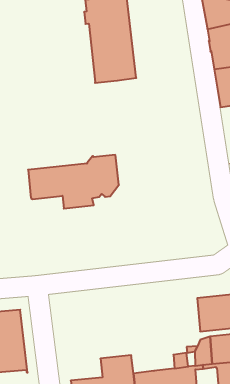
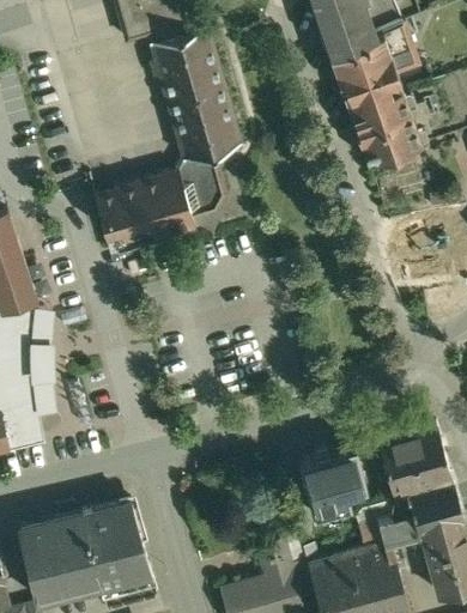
building: [28,155,119,209] -> [92,153,225,242]
building: none -> [297,449,365,518]

